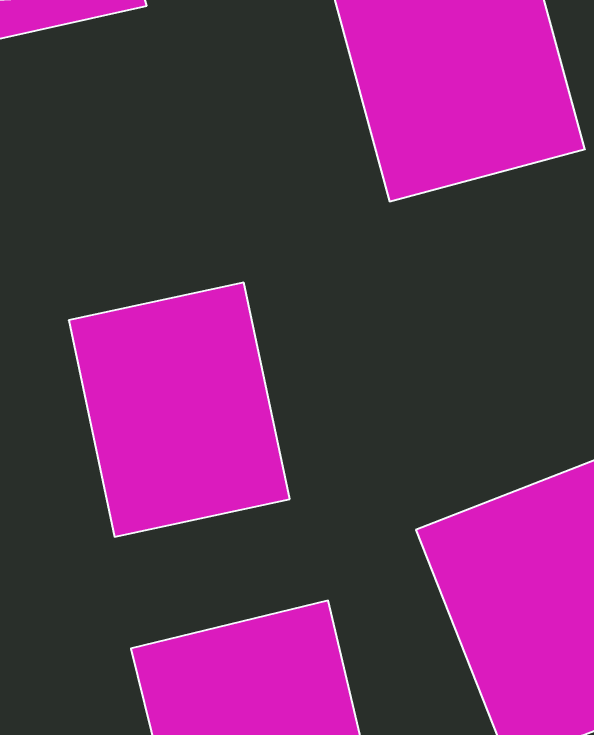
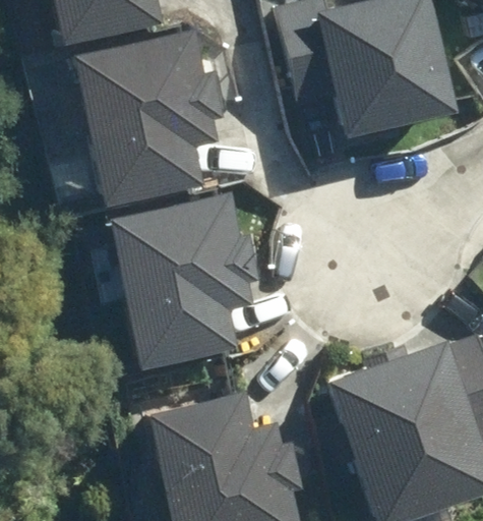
building: none -> [79,32,212,185]

